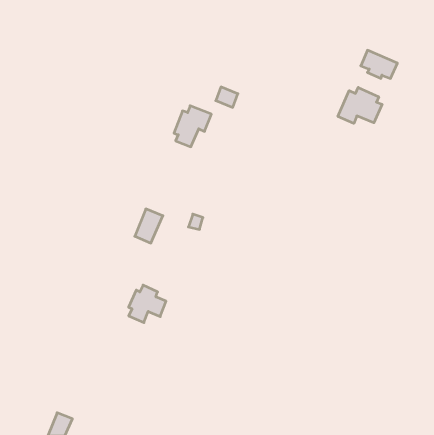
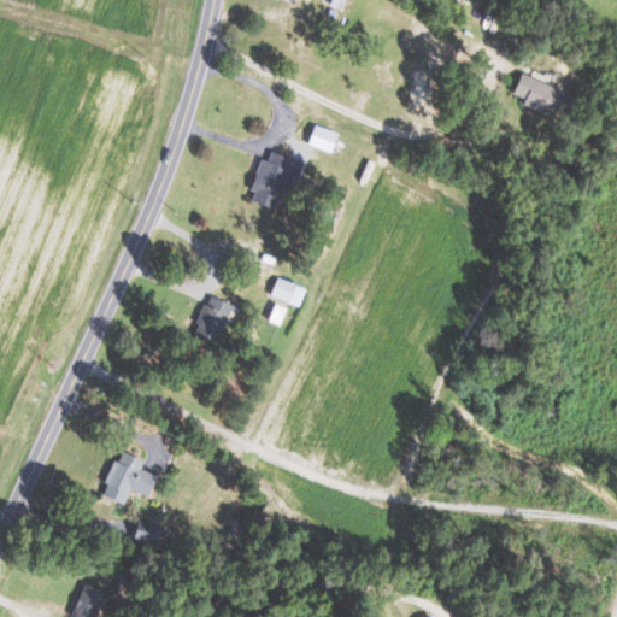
building: [338,87,382,123] -> none
building: none -> [270,277,307,307]
building: [129,285,166,323] -> [102,452,155,505]

